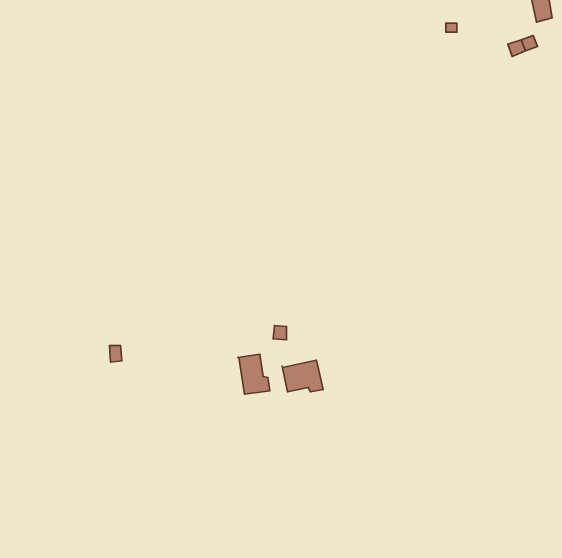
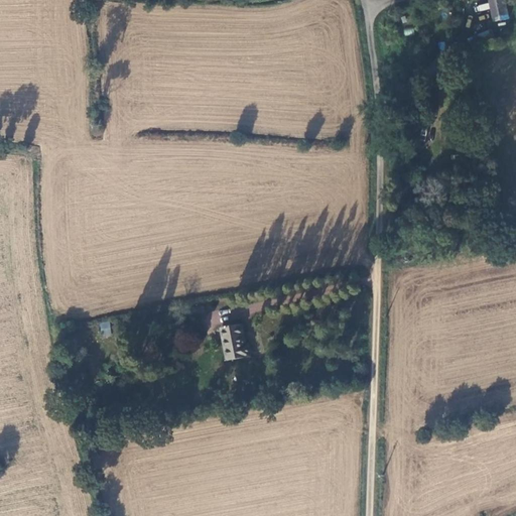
building: [282,360,323,392] -> none

